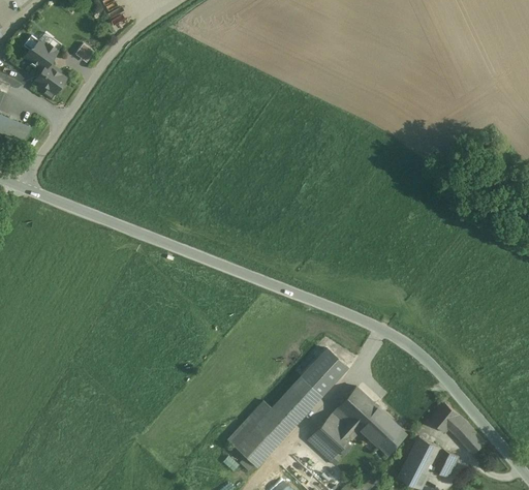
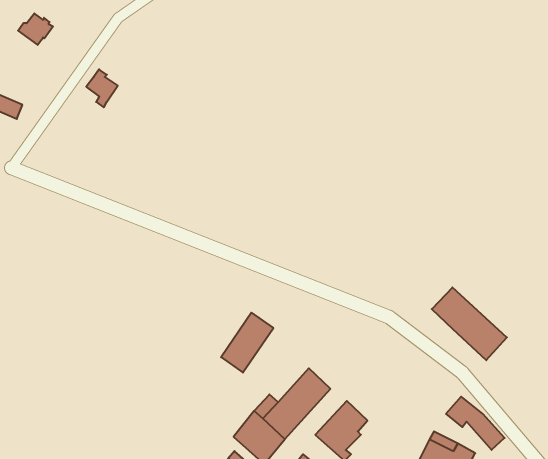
building: [35,63,65,99] -> [86,69,118,107]
building: [307,341,356,398] -> [221,313,273,373]
building: [336,388,407,457] -> [432,287,507,360]

